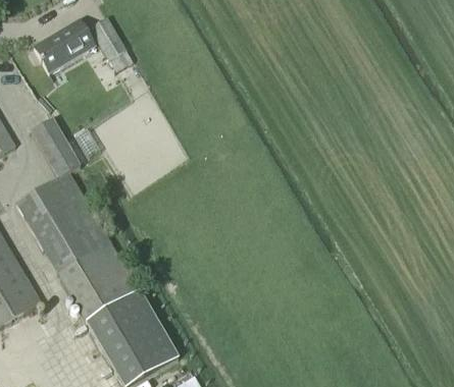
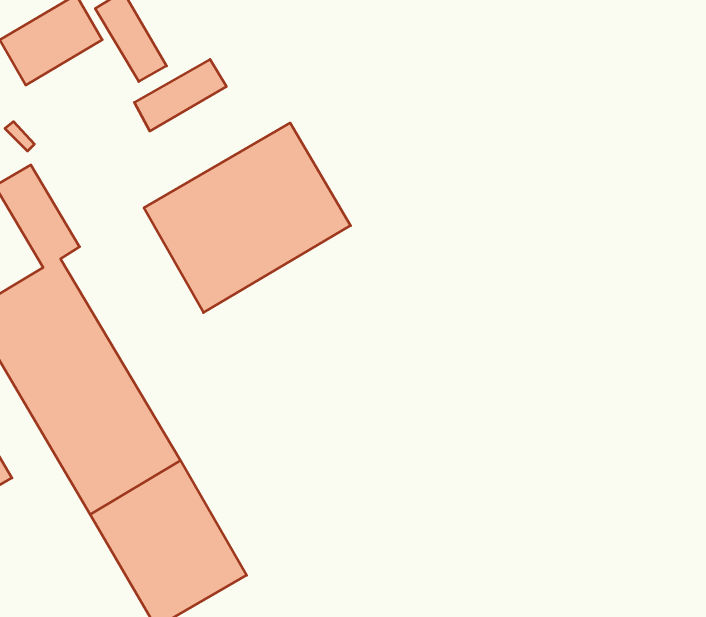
building: none -> [134,59,226,131]
building: none -> [144,123,351,313]

